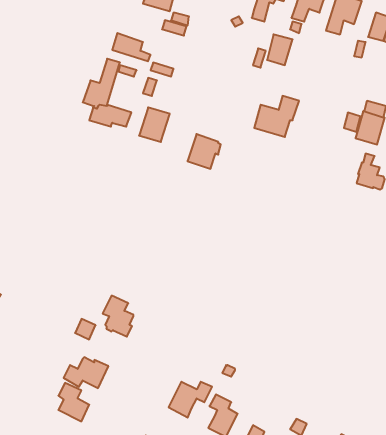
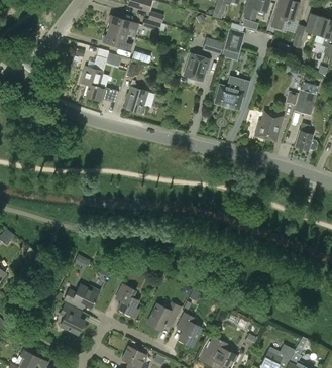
building: none -> [106,15,138,37]
building: [187,134,221,169] -> [184,53,210,81]
building: none -> [254,110,283,141]
building: [103,296,133,337] -> [115,284,139,317]

